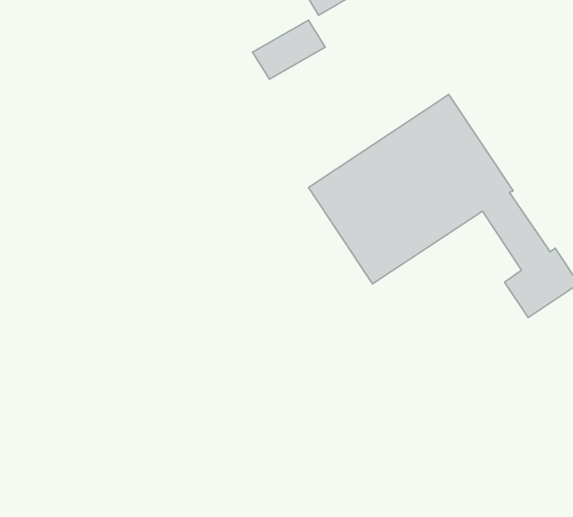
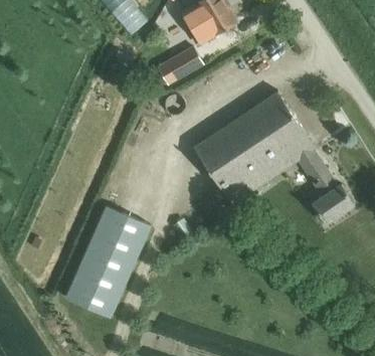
building: none -> [65,206,151,317]

